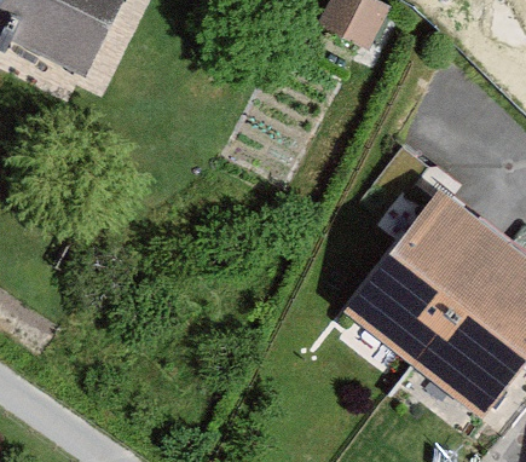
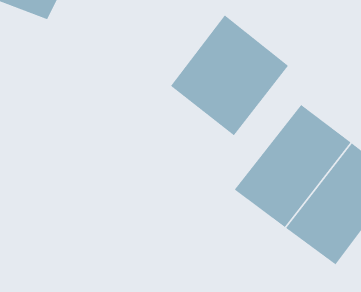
building: none -> [170,15,289,136]

